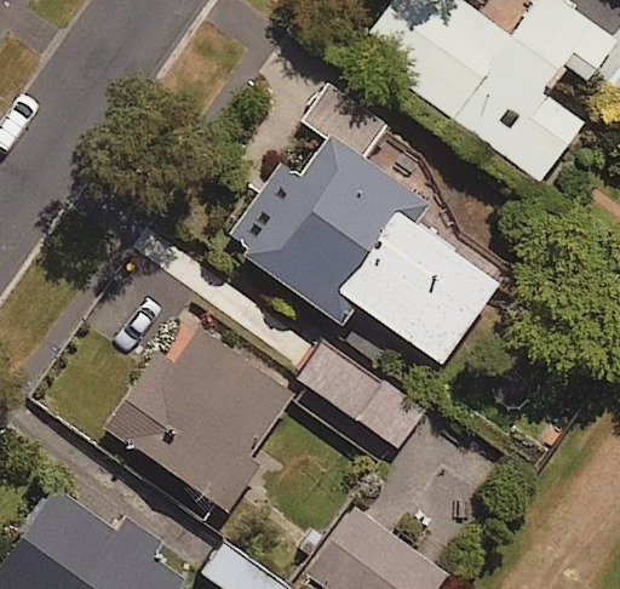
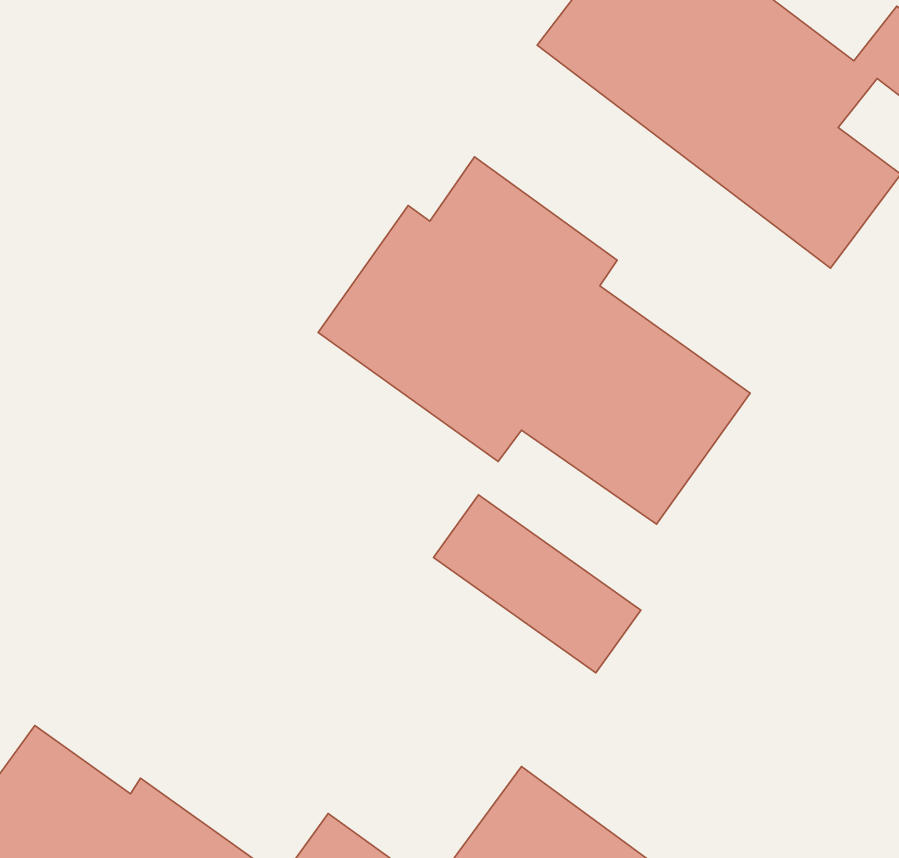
building: [109,330,292,508] -> none

